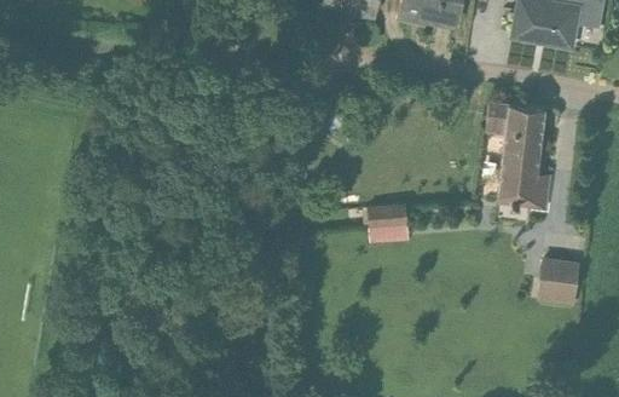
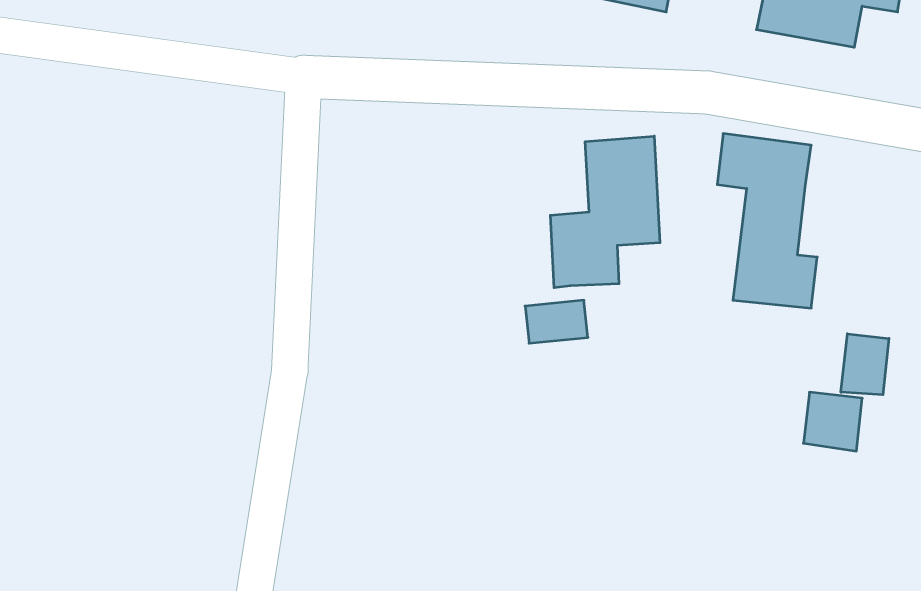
building: none -> [550,136,660,288]
building: none -> [841,334,889,395]

